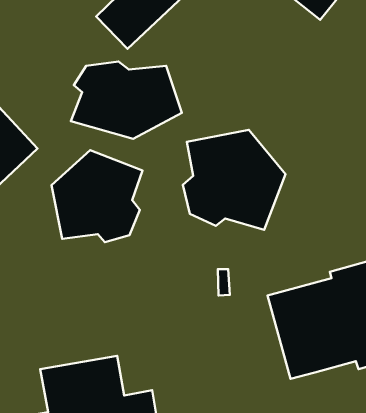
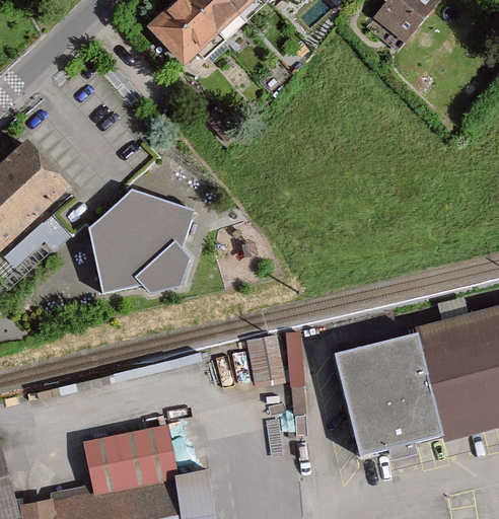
building: [71,61,182,139] -> none
building: [183,130,285,230] -> none

